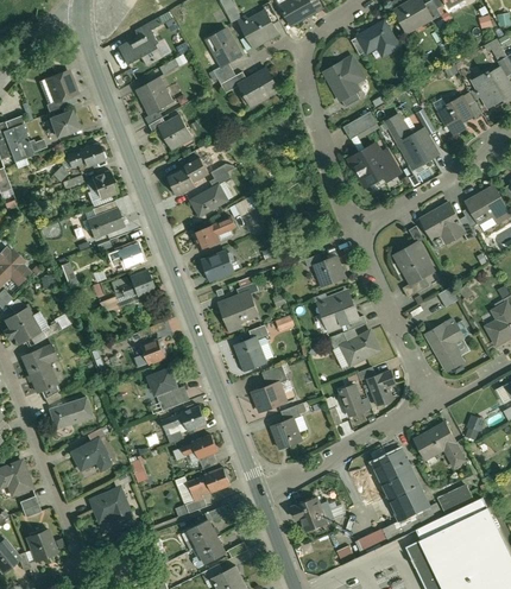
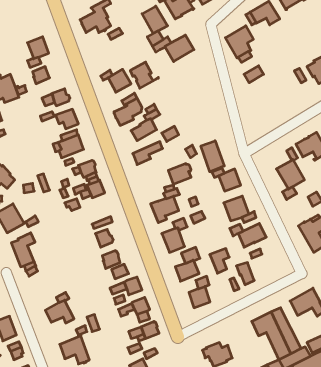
building: [137,78,176,115] -> [130,62,158,88]
building: [387,115,436,167] -> none
building: [352,146,399,184] -> none
building: none -> [201,141,224,172]
building: [202,252,234,280] -> [168,164,191,184]
building: [367,372,395,406] -> [210,249,229,273]
building: [49,397,93,430] -> none

